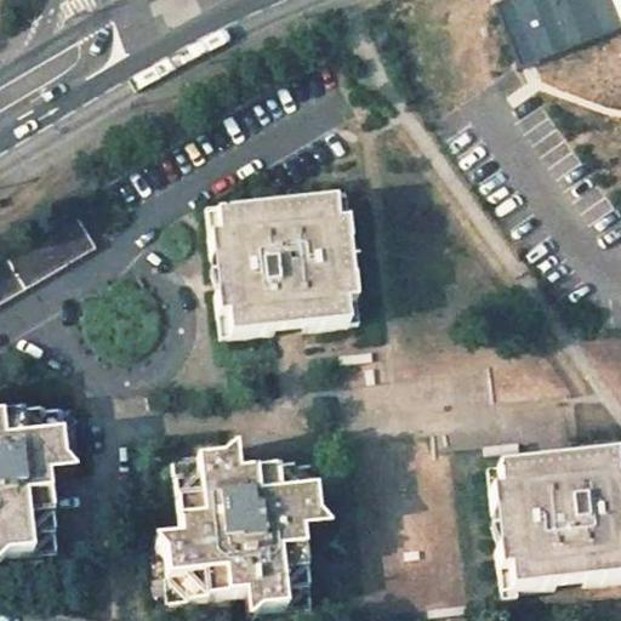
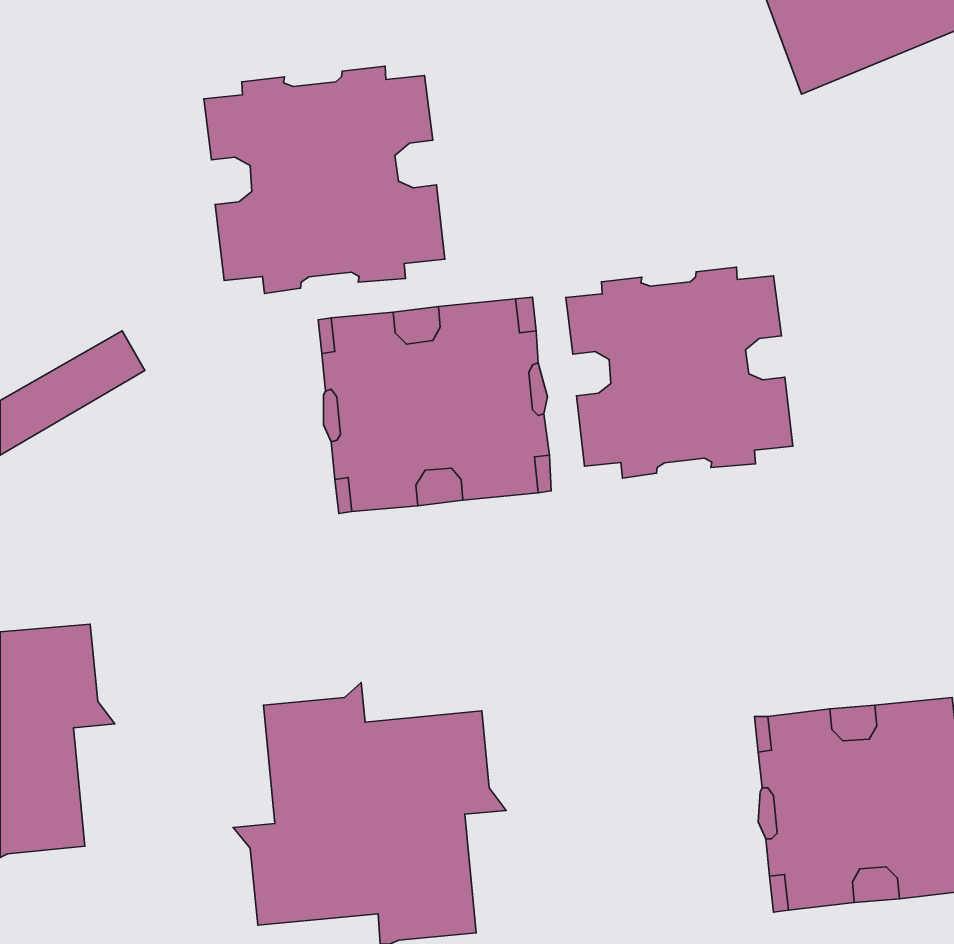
building: none -> [204,66,445,293]
building: none -> [566,267,793,478]

